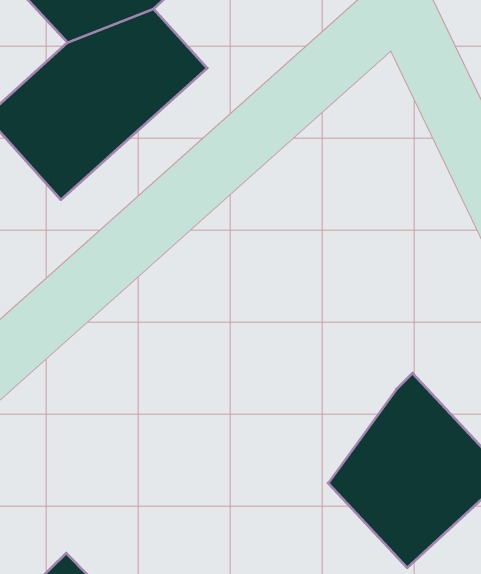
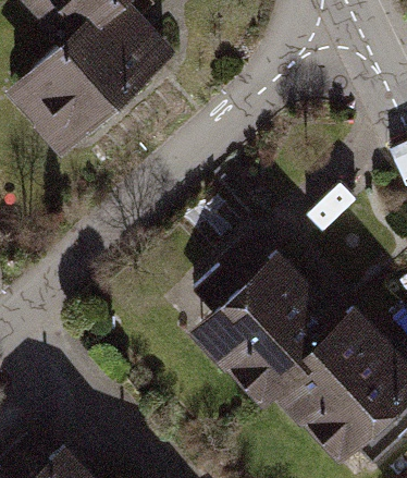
building: none -> [186,256,335,415]

